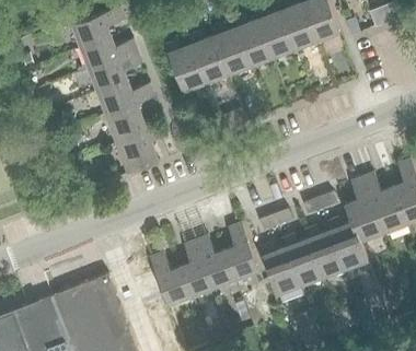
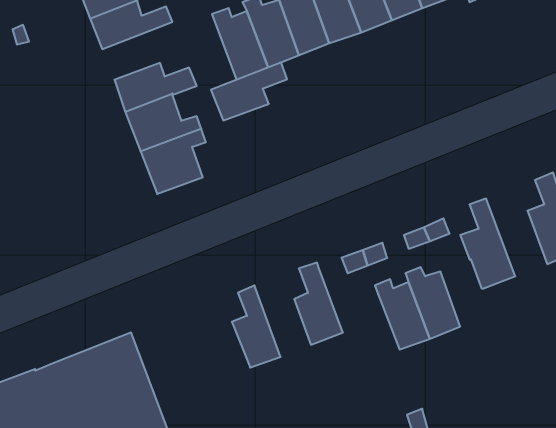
building: [86,50,141,92] -> [211,63,287,120]
building: [362,173,406,233] -> none
building: [326,219,368,269] -> none
building: [196,235,236,291] -> none
building: [259,244,300,294] -> none
building: [151,253,193,307] -> none

